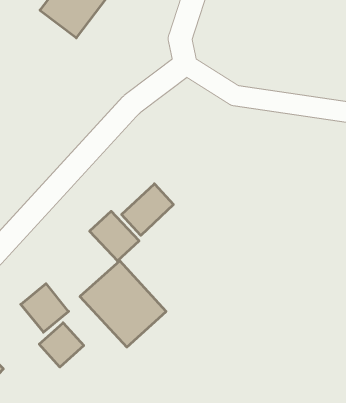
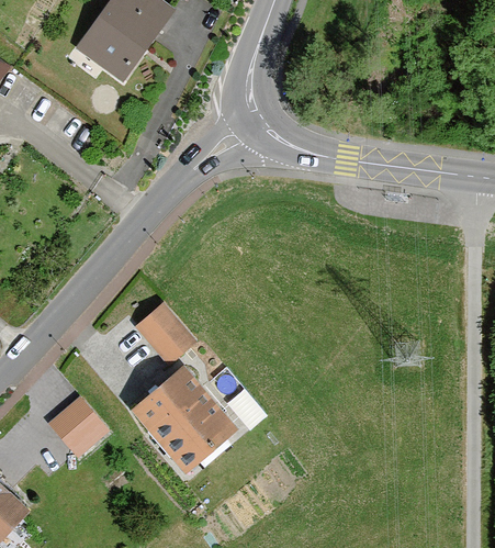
building: [122,184,173,235] -> none
building: [39,323,84,367] -> none

